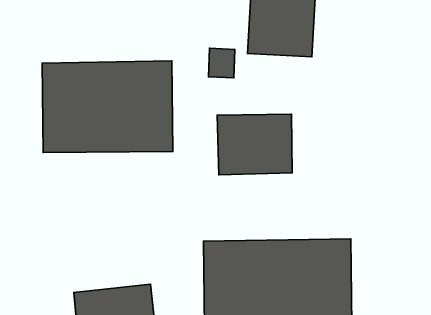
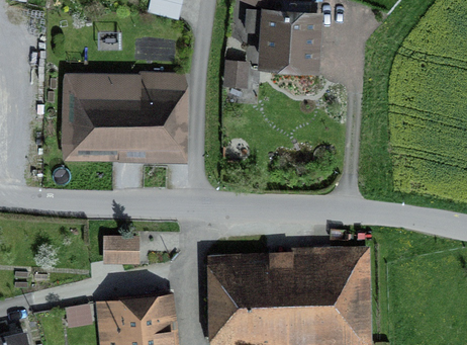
building: [217,114,292,175] -> none
building: none -> [101,237,145,269]

